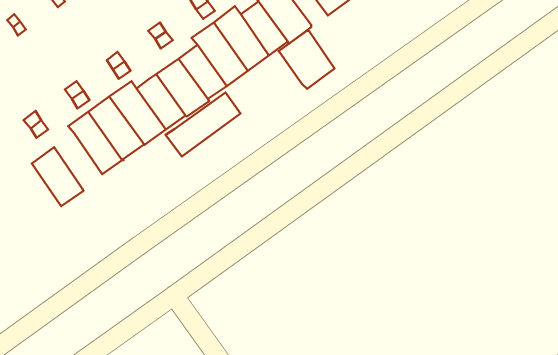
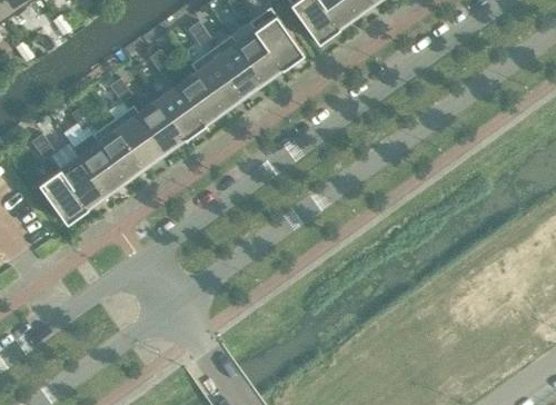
building: [278,31,334,89] -> none
building: [165,92,240,156] -> none
building: none -> [61,155,107,207]

